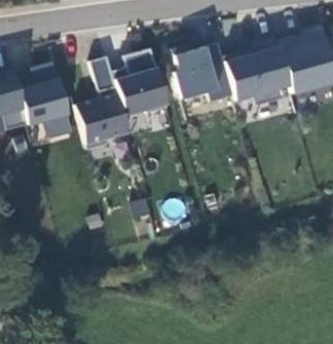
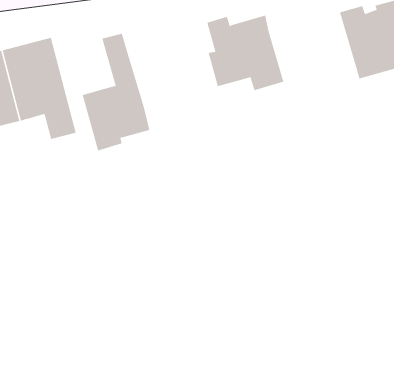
building: [223,37,291,106] -> none
building: [112,49,169,116] -> none

